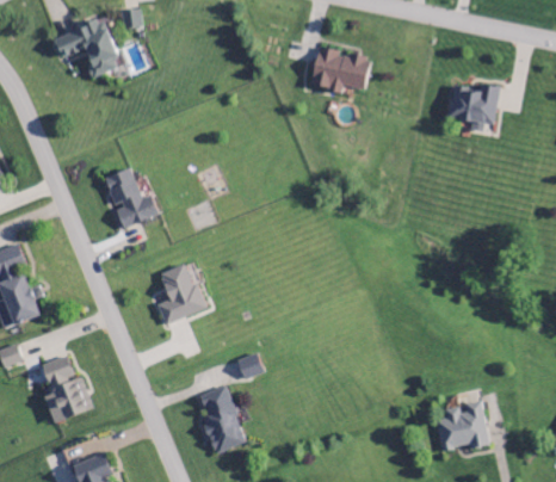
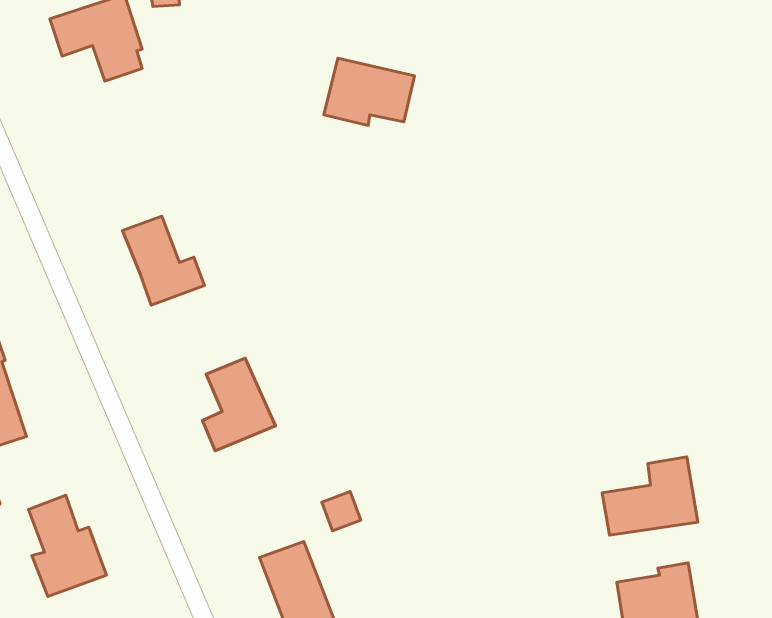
building: [310,45,371,91] -> [324,58,414,126]
building: [449,82,499,130] -> none
building: none -> [602,457,698,535]

